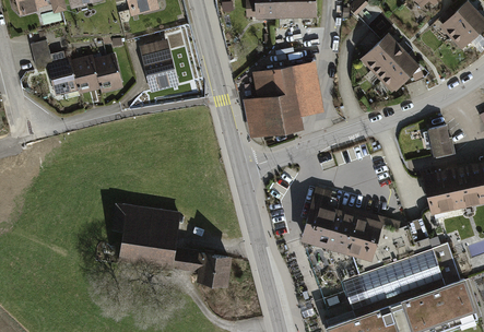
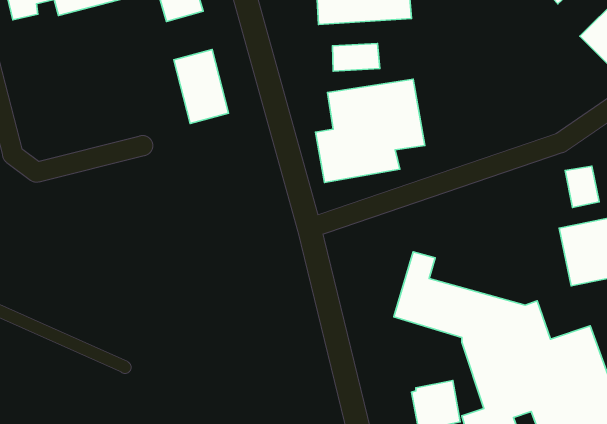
building: [361,33,421,93] -> none
building: none -> [332,43,380,71]
building: [29,38,125,98] -> none
building: [111,203,233,284] -> none

